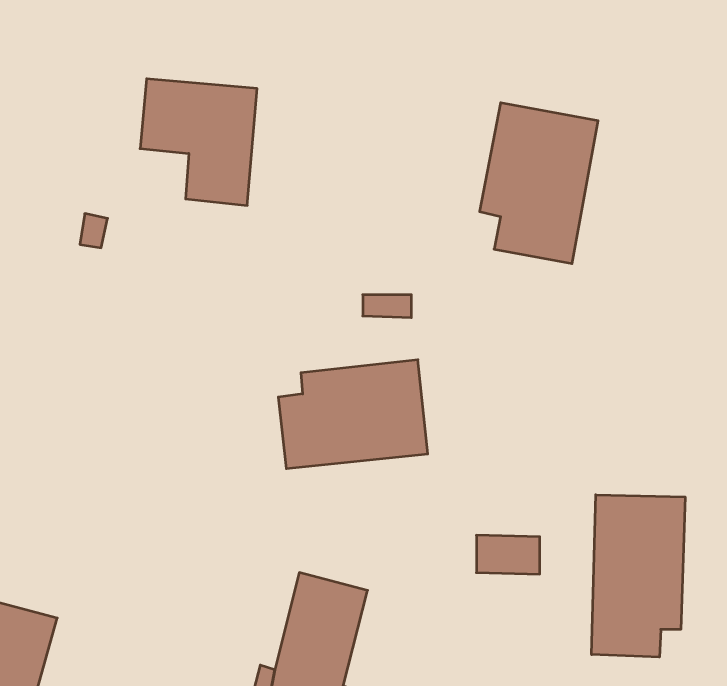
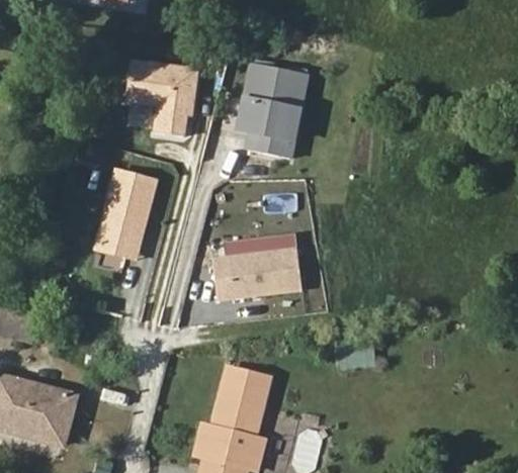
building: [480,103,598,264] -> [237,63,311,163]
building: none -> [91,168,161,262]
building: [592,495,685,657] -> none

